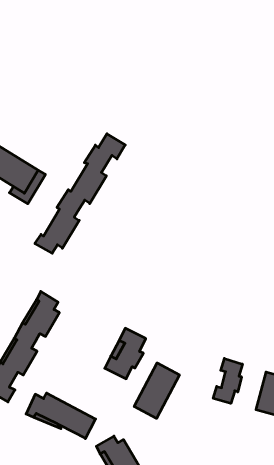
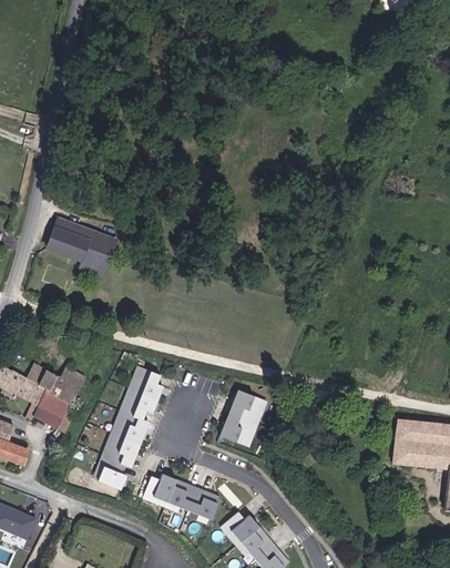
building: [35,134,125,253] -> none
building: [213,358,242,403] -> none
building: [134,363,179,418] -> none

